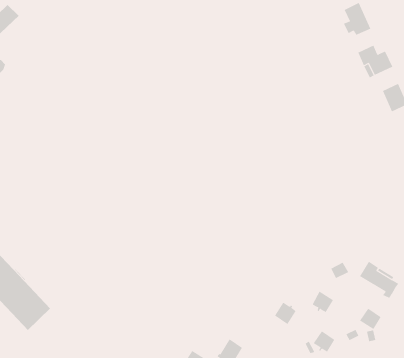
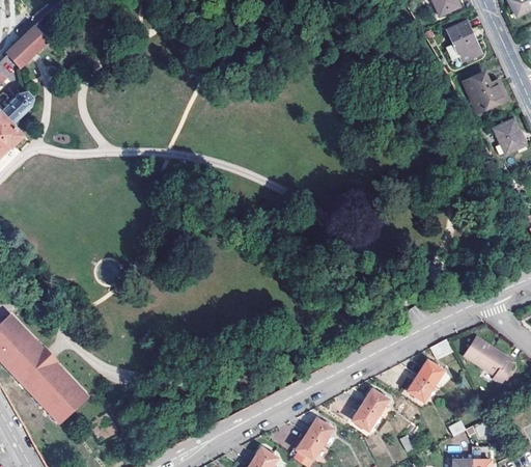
building: [359,308,381,330] -> [417,358,444,385]
building: none -> [307,416,334,443]
building: [313,331,335,353] -> [352,404,379,431]

